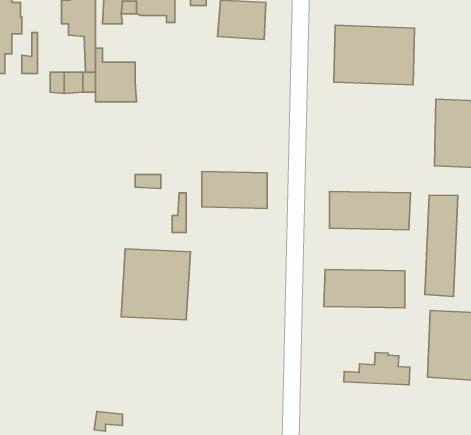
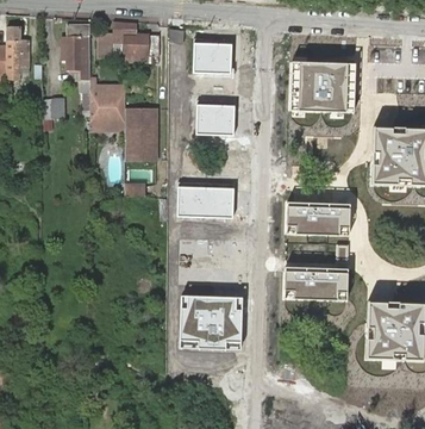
building: none -> [195,99,236,132]
building: none -> [123,110,154,156]
building: [425,195,458,296] -> none
building: [121,249,191,320] -> [185,292,243,352]
building: [344,352,410,385] -> none

